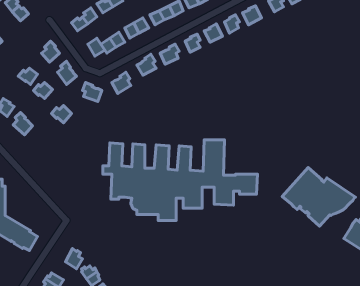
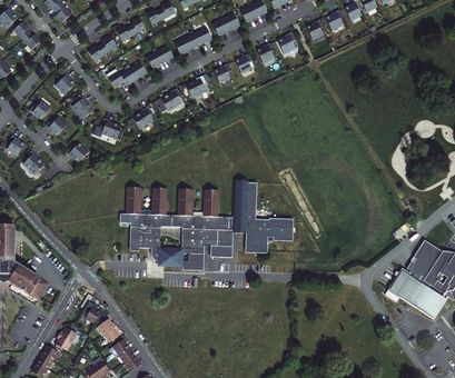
building: [282,167,355,226] -> none

